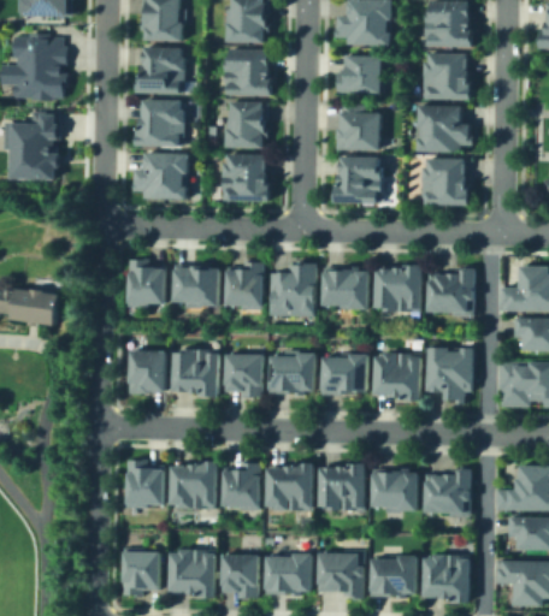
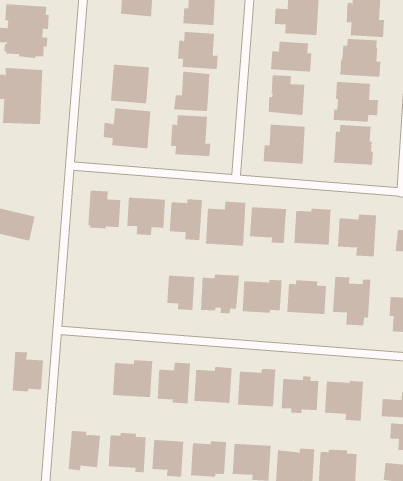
building: [147,53,187,94] -> none
building: [170,344,217,393] -> none
building: [125,351,164,395] -> none
building: [124,460,160,508] -> [12,351,44,392]

